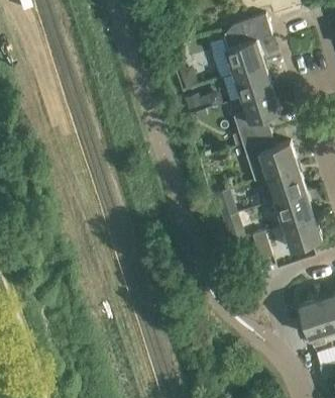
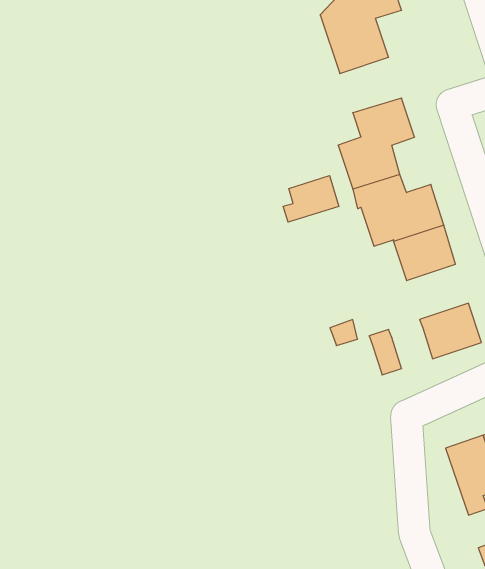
building: [234,65,272,99] -> none
building: none -> [283,176,339,222]
building: [275,193,314,227] -> none

